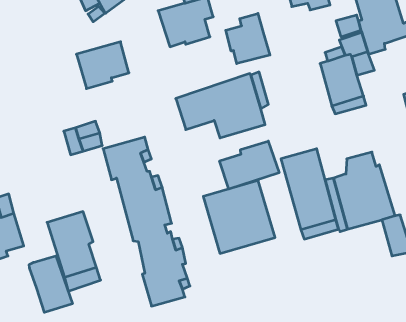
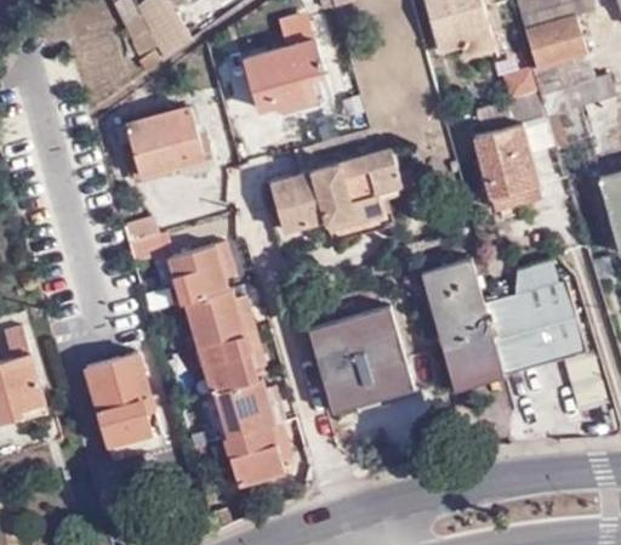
building: [226,13,270,64] -> none
building: [220,141,279,189] -> none
building: [29,256,72,312] -> none

